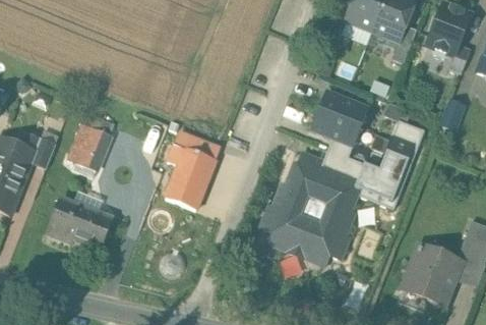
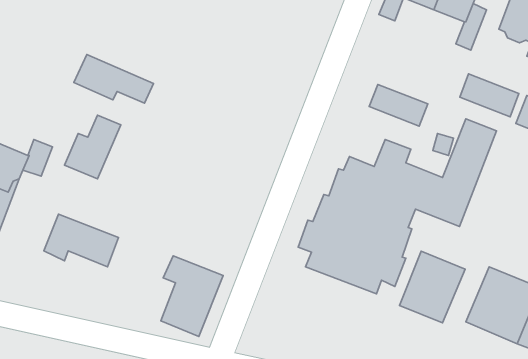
building: none -> [74,55,153,103]
building: [312,109,361,145] -> [460,74,519,117]
building: [163,143,215,210] -> [161,256,223,337]
building: none -> [399,251,465,323]

